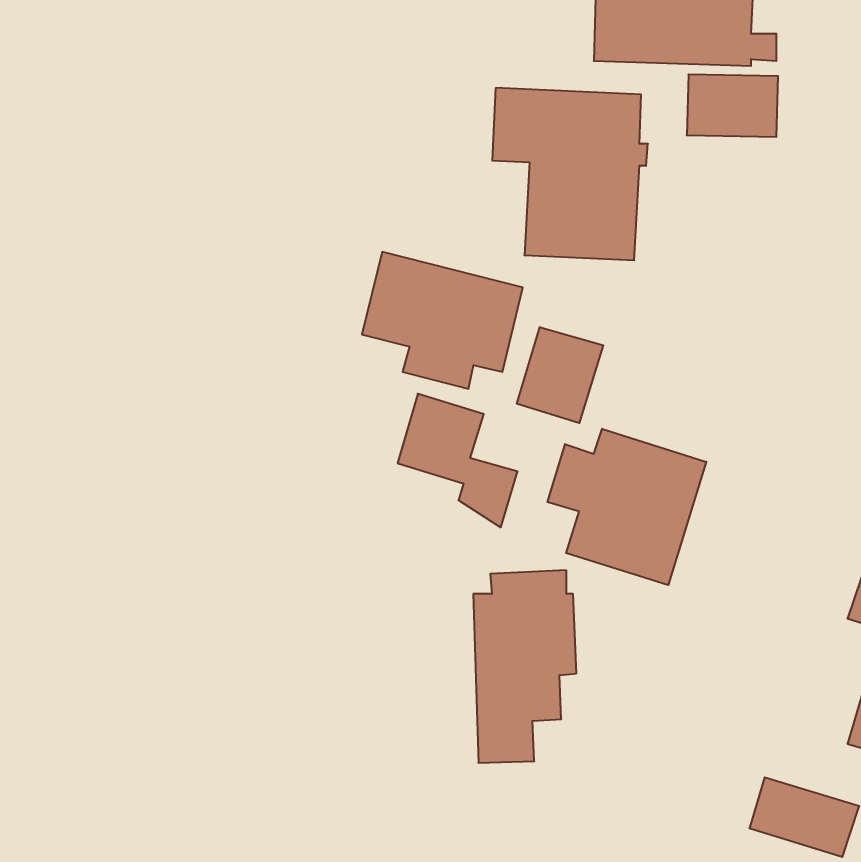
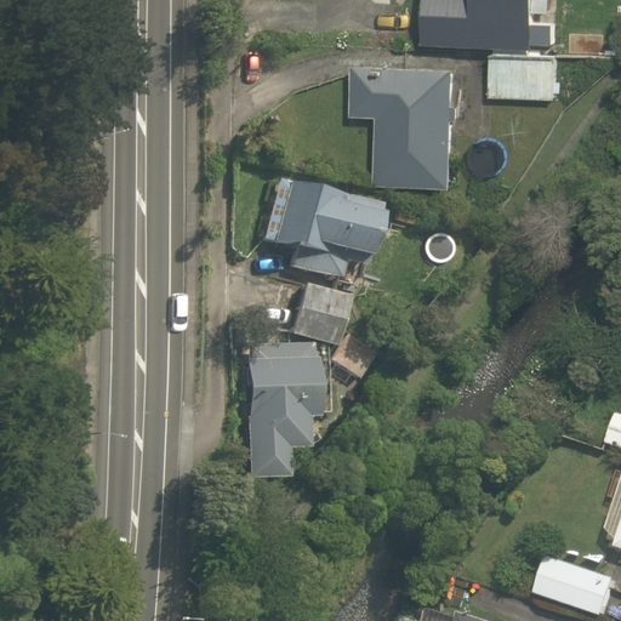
building: [517,327,603,423] -> none
building: [547,429,706,585] -> none
building: [473,570,576,763] -> [241,341,315,479]

